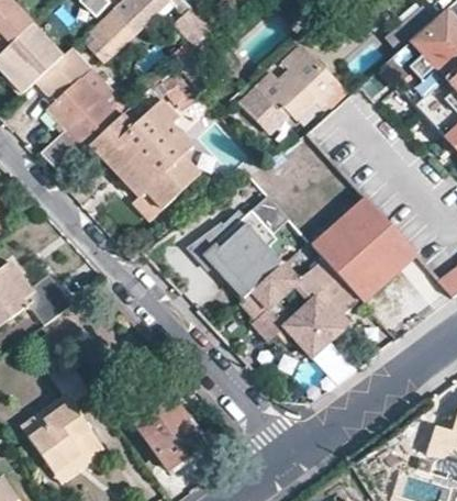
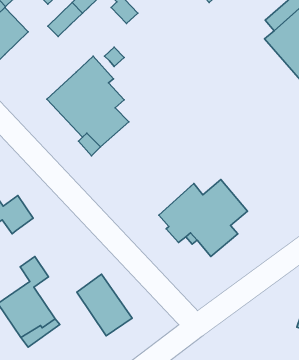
building: [32,48,129,171] -> none
building: [242,48,334,137] -> none
building: [312,196,416,301] -> none
building: [189,211,283,302] -> none

